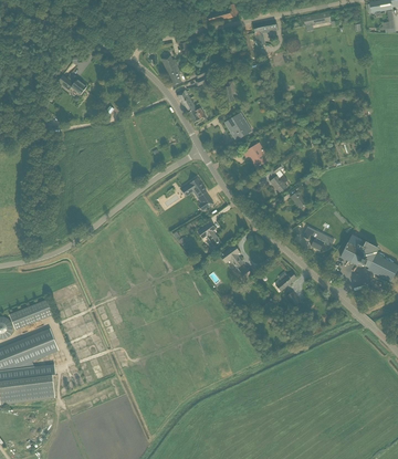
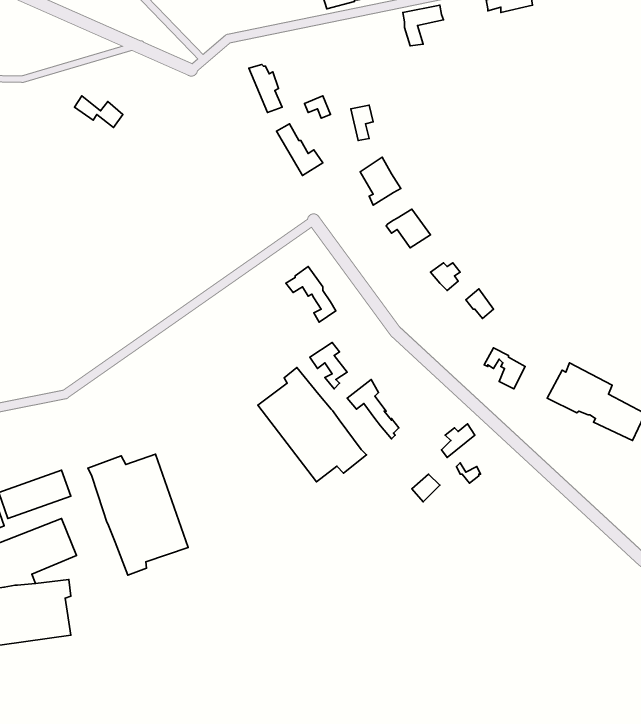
building: none -> [258,368,367,482]
building: none -> [88,454,188,575]

